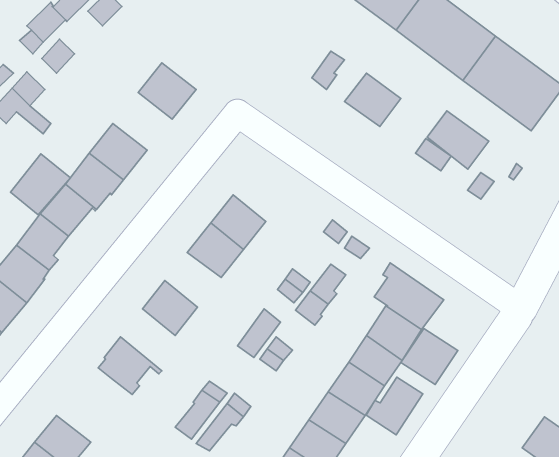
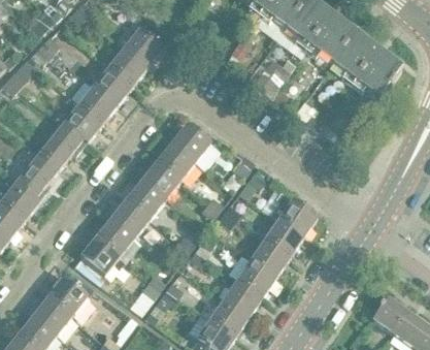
building: none -> [122,27,163,68]
building: none -> [88,70,129,110]
building: [427,111,489,169] -> none
building: [10,154,71,215] -> none
building: none -> [171,122,211,160]
building: none -> [124,182,163,220]
building: none -> [93,221,131,264]
building: [401,328,458,385] -> none
building: [366,377,423,435] -> none
building: none -> [48,269,94,314]

